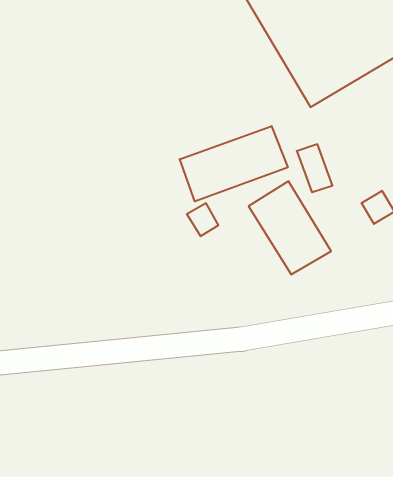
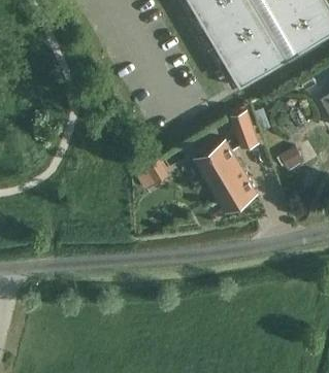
building: [180,126,288,201] -> none

